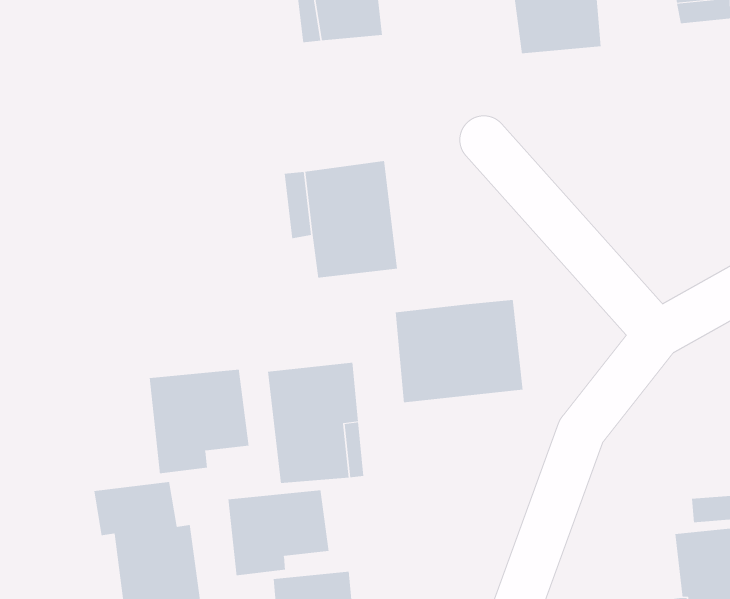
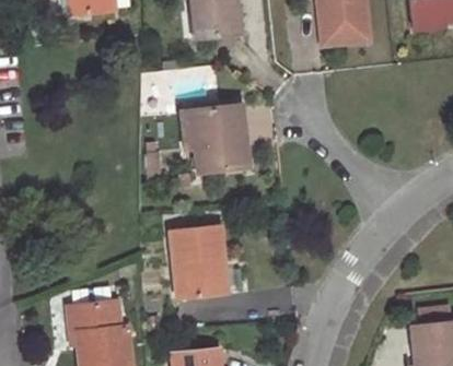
building: [395,299,523,403] -> none
building: [149,369,249,474] -> none
building: [228,489,329,576] -> none

